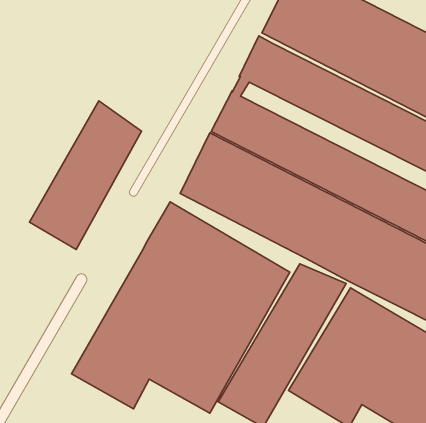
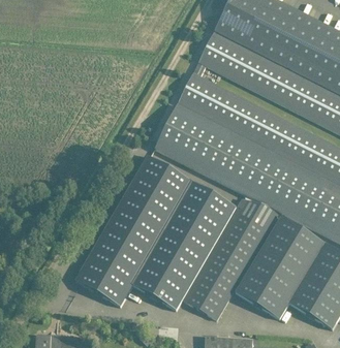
building: [30,101,142,249] -> none

